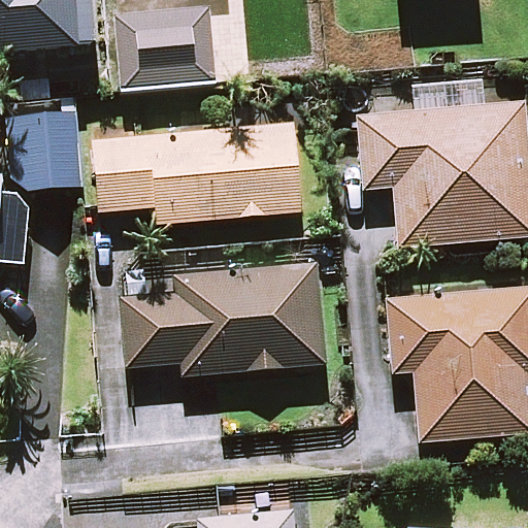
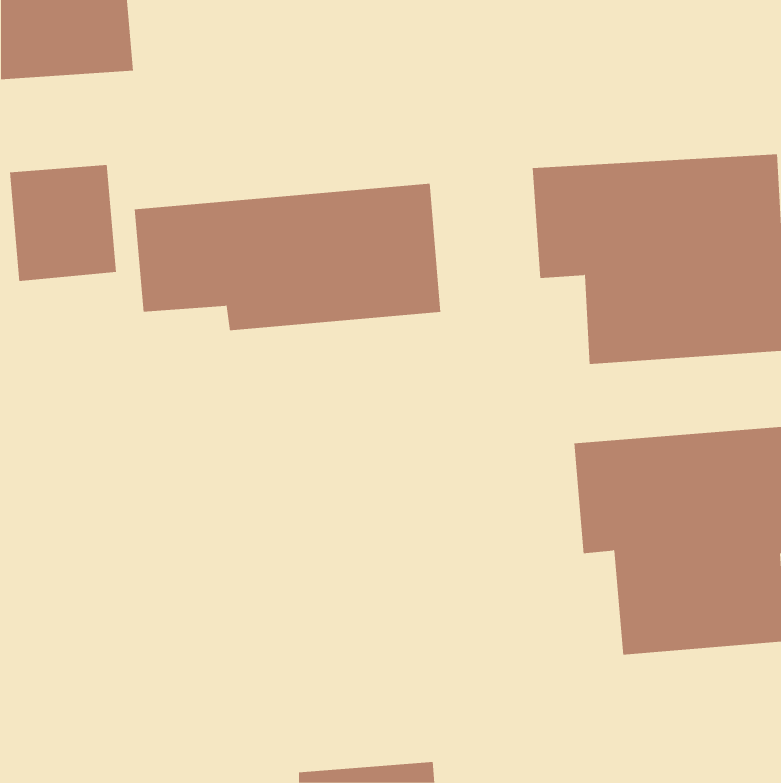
building: [110,6,216,90] -> none
building: [124,262,324,372] -> none

